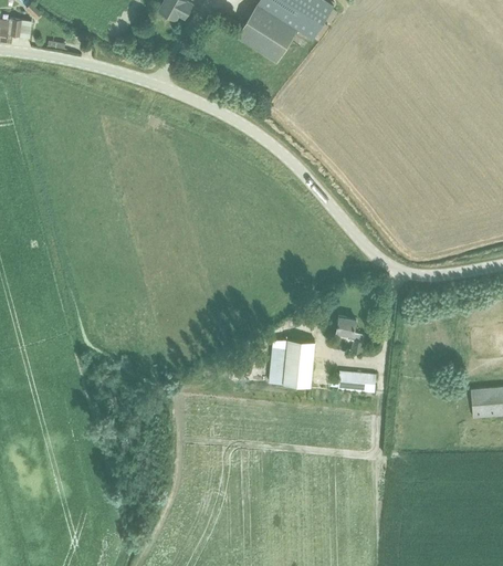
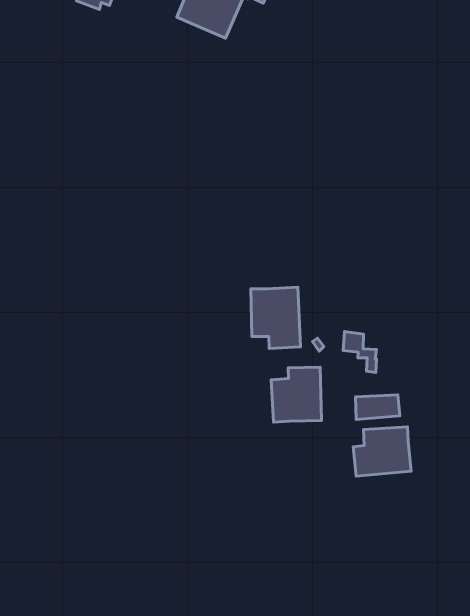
building: none -> [251,287,301,348]
building: none -> [353,427,411,476]

